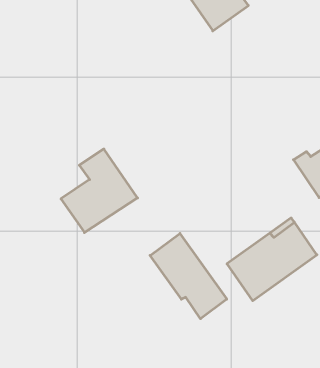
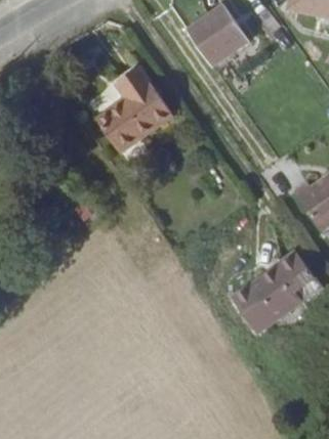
building: [61,149,138,233] -> [94,68,171,151]
building: [150,233,227,319] -> none

